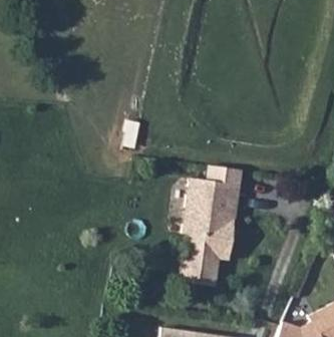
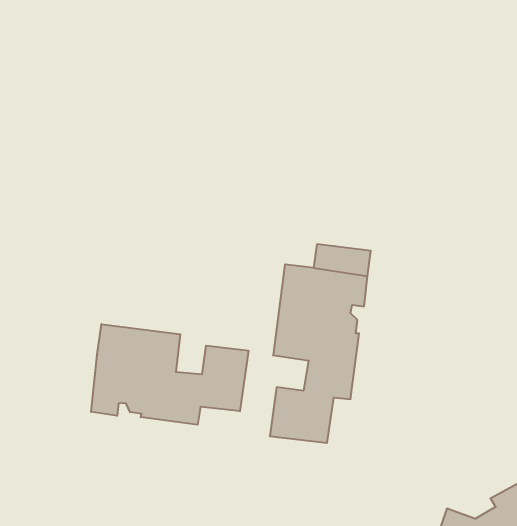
building: none -> [91,324,248,425]

